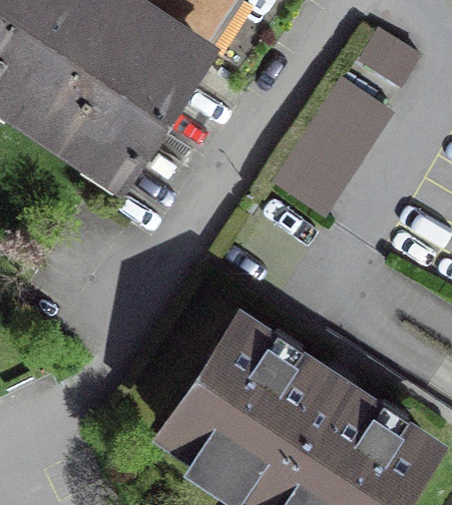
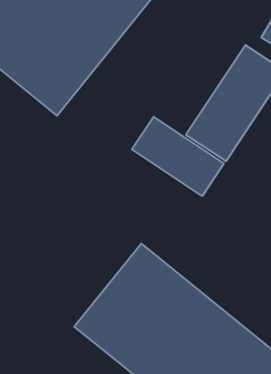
building: none -> [132,117,224,196]

